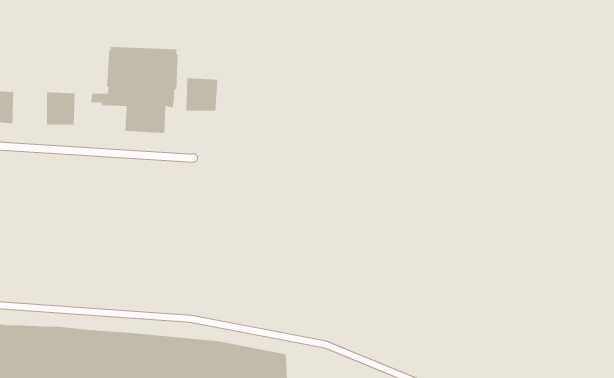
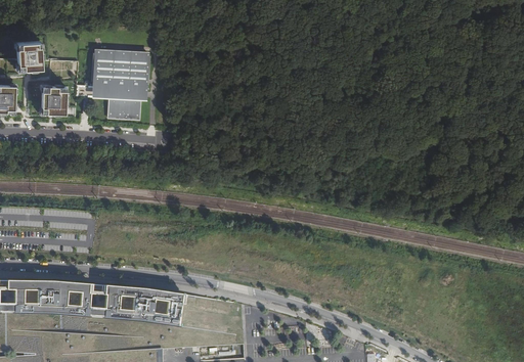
building: none -> [13,41,41,70]
building: [186,77,218,112] -> none

